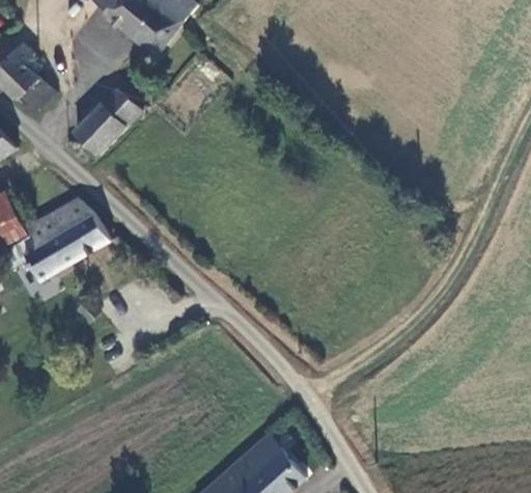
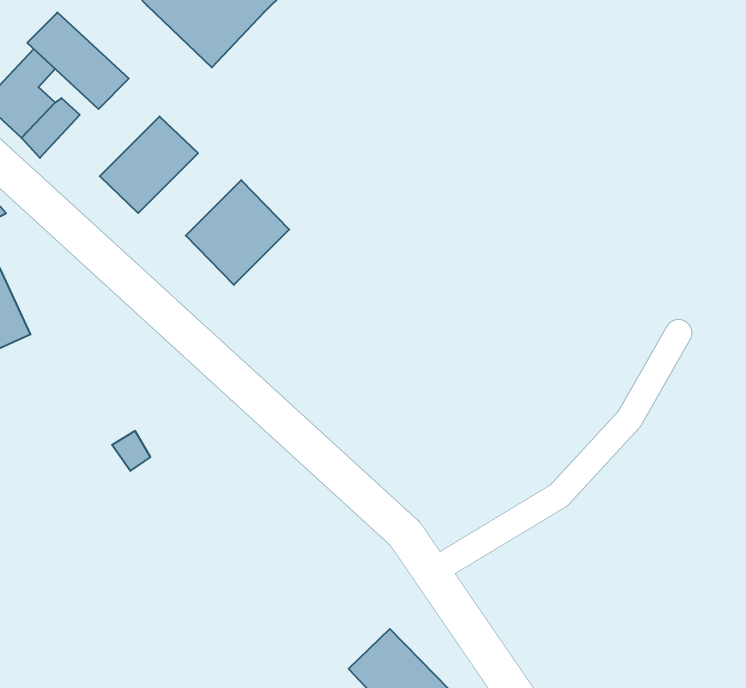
building: none -> [27,12,129,109]
building: none -> [186,180,289,285]
building: [23,201,106,280] -> none

